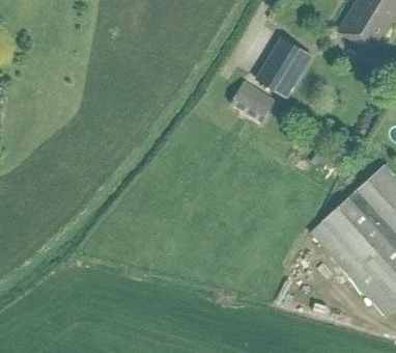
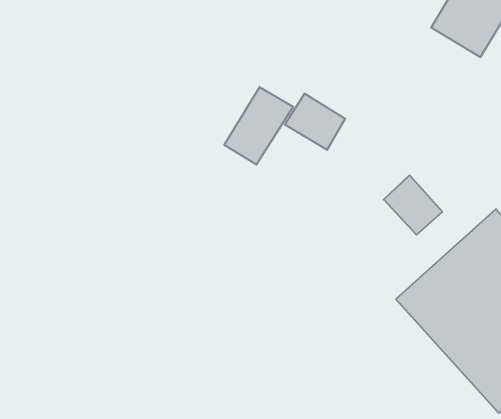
building: [255,35,306,92] -> [224,87,293,165]
building: none -> [384,175,442,235]

